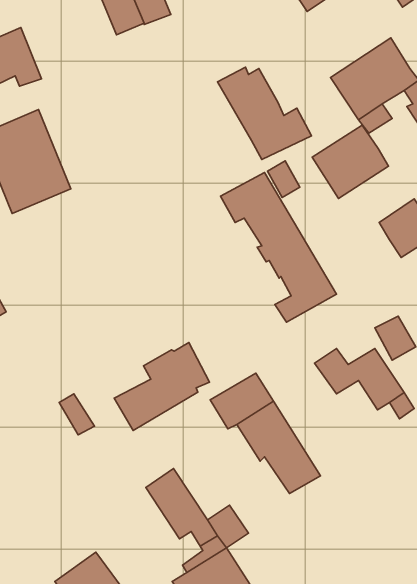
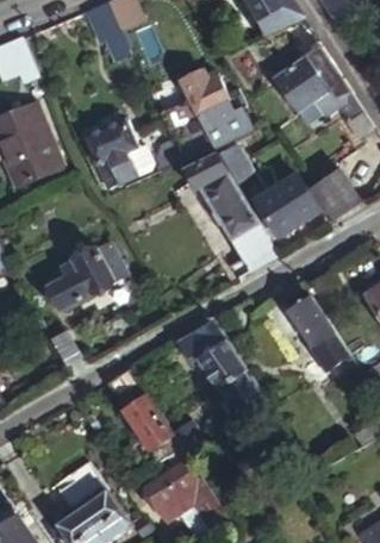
building: [312,125,388,198] -> [260,175,322,235]
building: none -> [83,118,137,186]
building: [114,342,210,430] -> [48,238,125,310]

